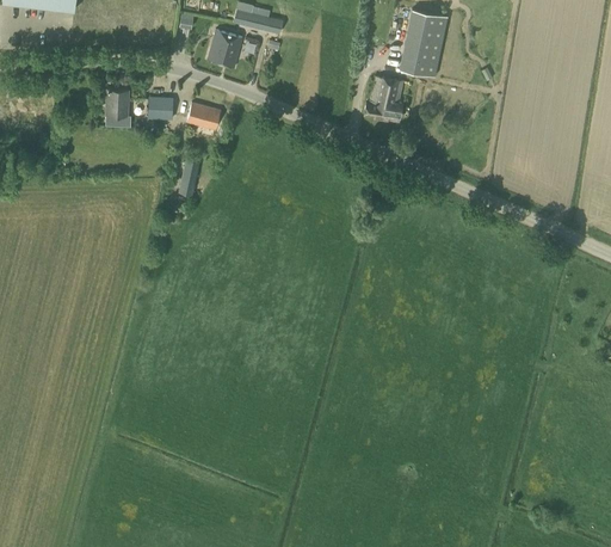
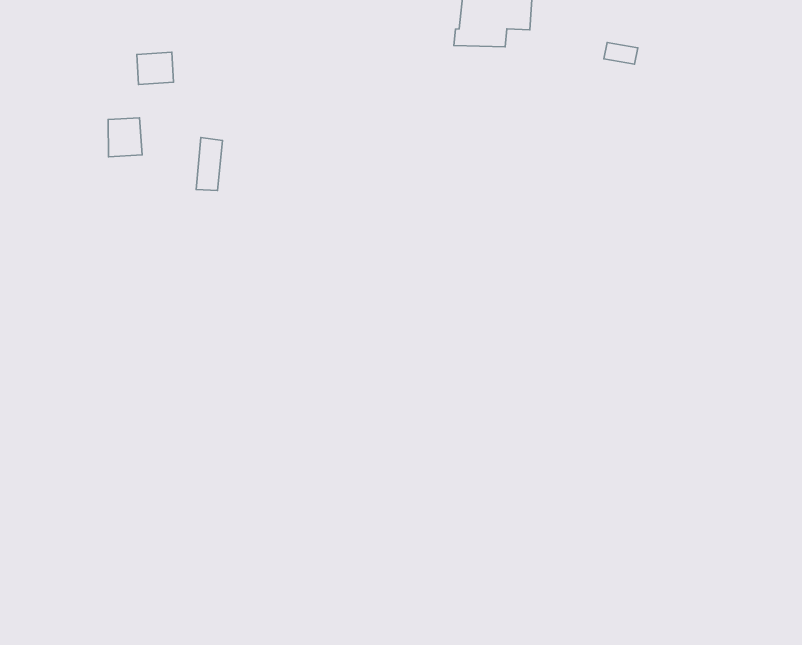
building: [104,90,128,116] -> [108,118,142,157]
building: [186,103,220,140] -> none

